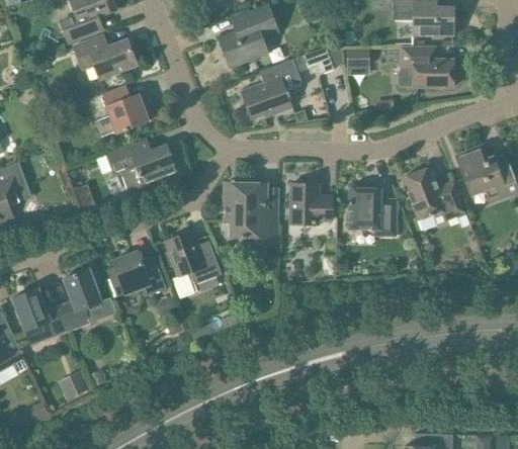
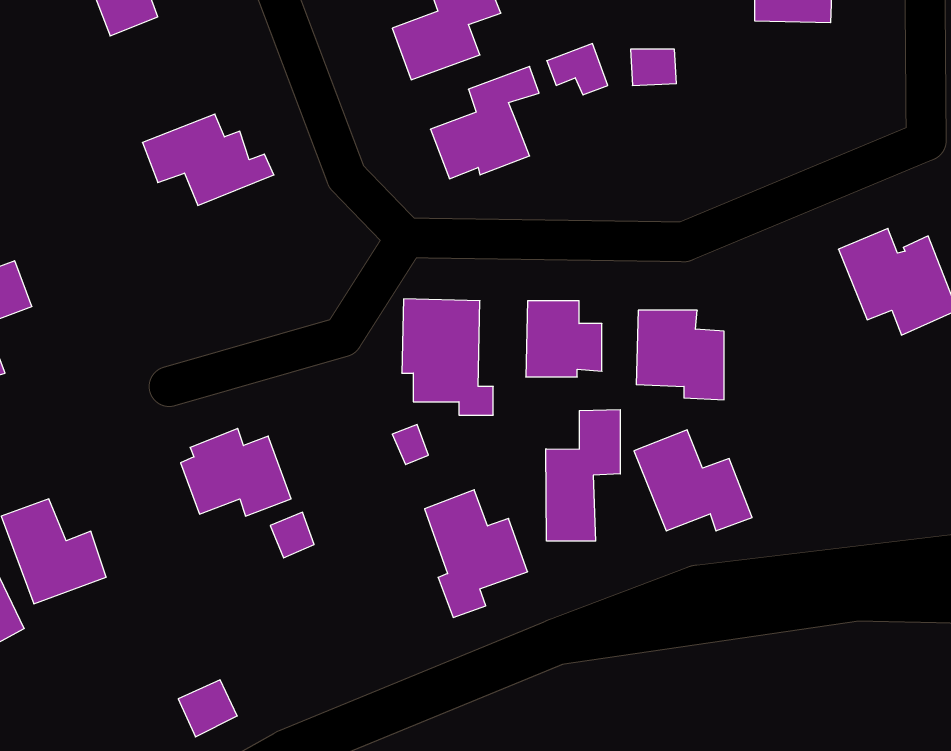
building: [74,37,138,79] -> none
building: [398,46,452,86] -> none
building: [106,141,177,192] -> none
building: [402,166,464,219] -> [634,430,752,531]
building: [166,231,221,298] -> [425,490,528,617]
building: none -> [546,410,620,541]
building: [60,268,101,330] -> none
building: [59,370,90,400] -> [178,680,237,737]

